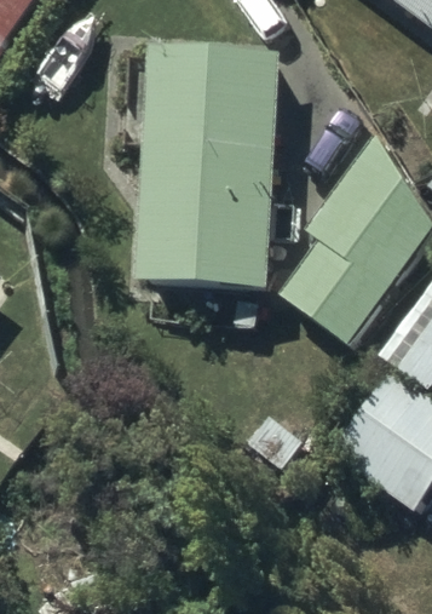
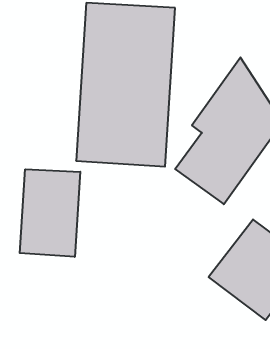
building: none -> [20,169,80,257]

